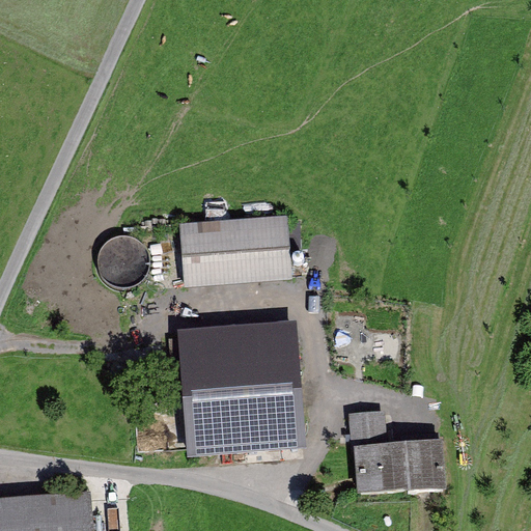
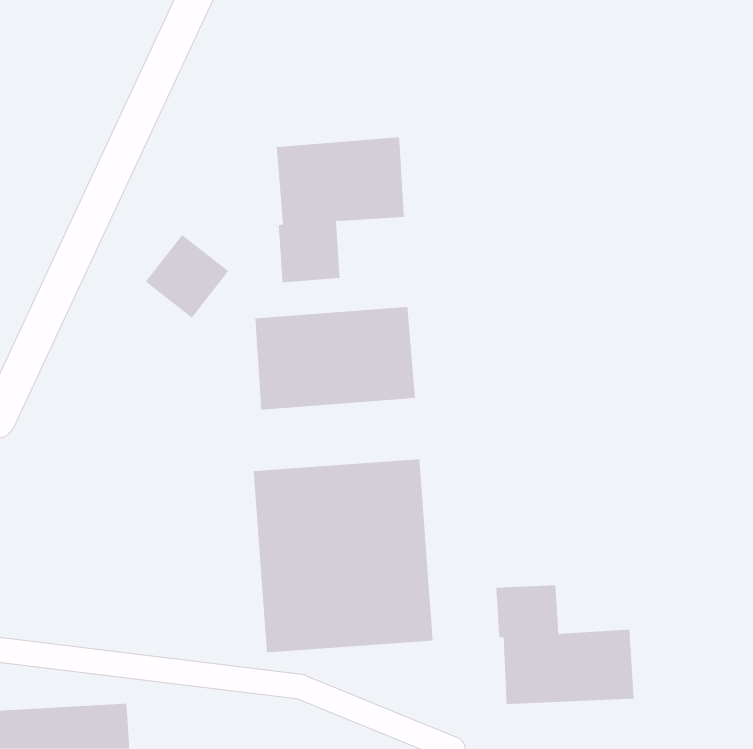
building: none -> [276,137,405,283]
building: [94,228,153,287] -> [145,234,229,319]

